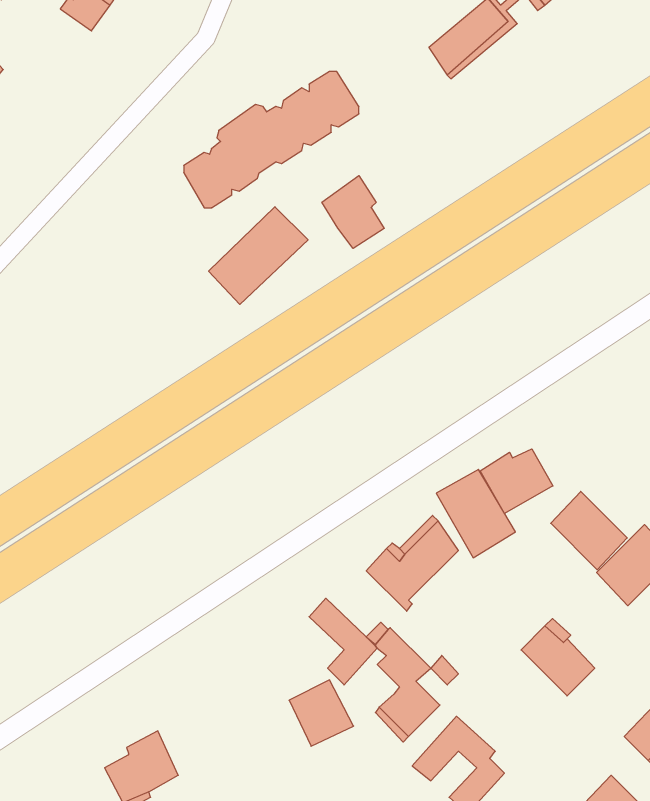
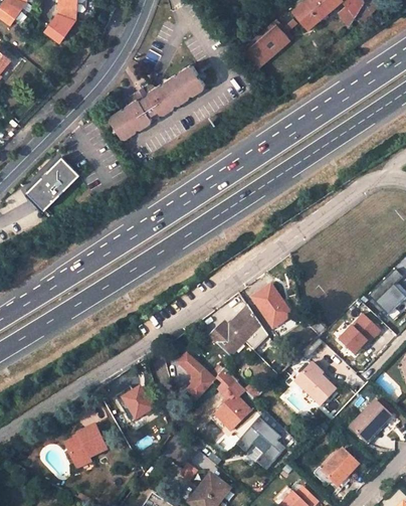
building: [322,176,384,248] -> none
building: [209,207,308,304] -> [25,157,79,210]
building: [480,449,553,513] -> none
building: [551,491,627,570] -> none
building: [289,680,354,746] -> [118,384,153,420]

